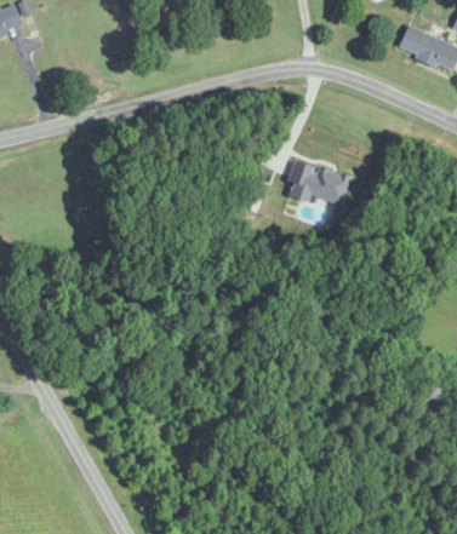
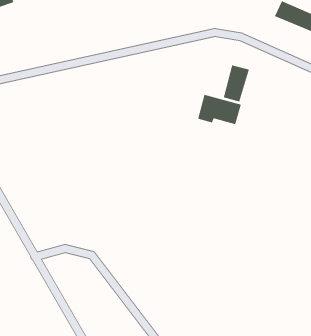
building: none -> [223,65,250,103]

